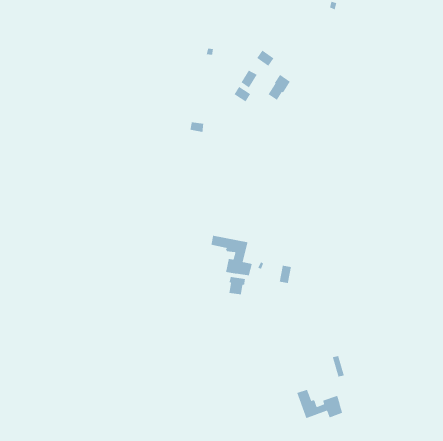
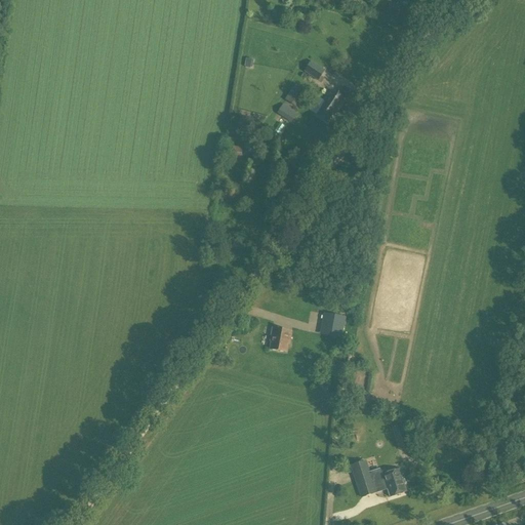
building: [211,235,253,276] -> none

